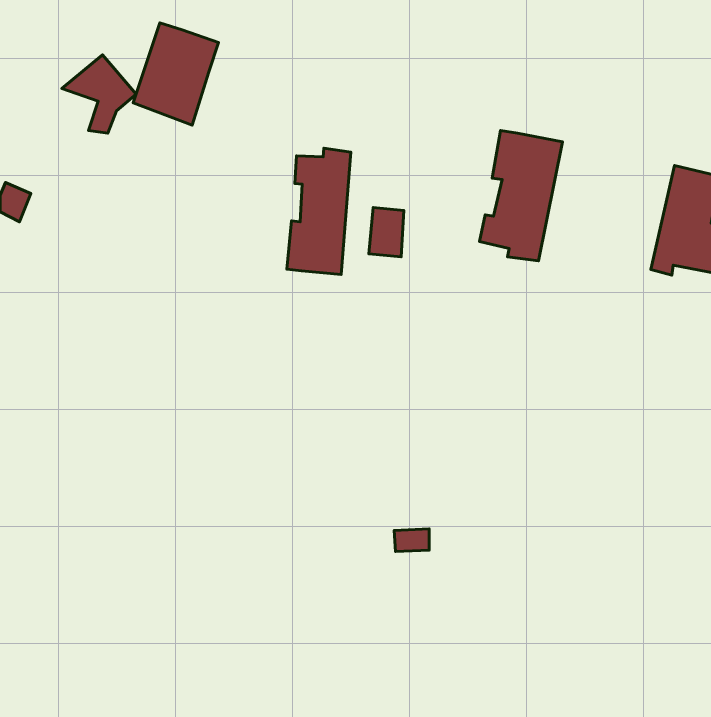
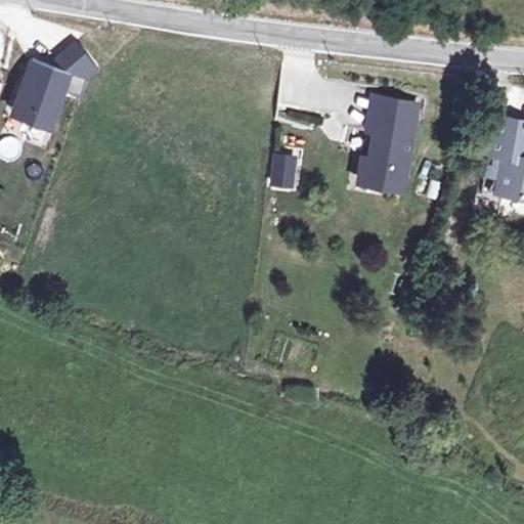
building: [133,23,219,125] -> [13,59,76,134]
building: [287,148,351,275] -> none

